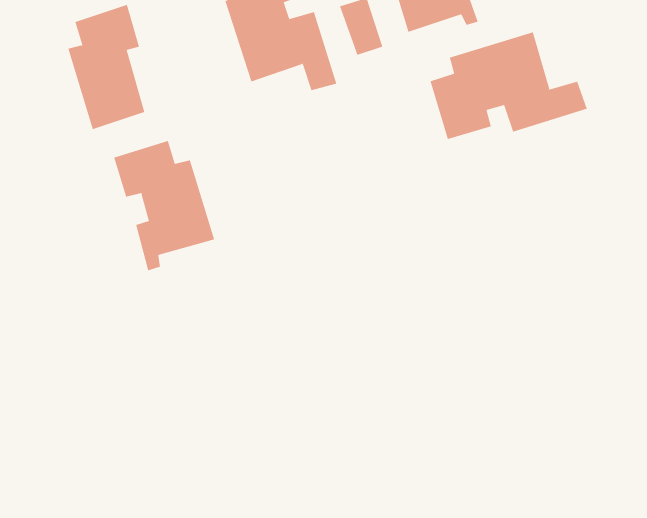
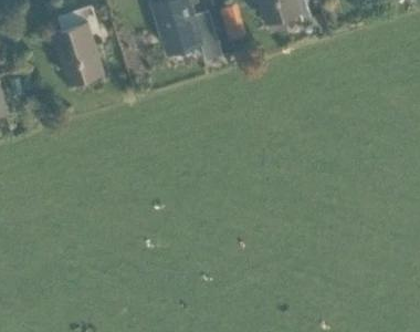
building: [430,31,588,140] -> none
building: [113,140,215,271] -> none

